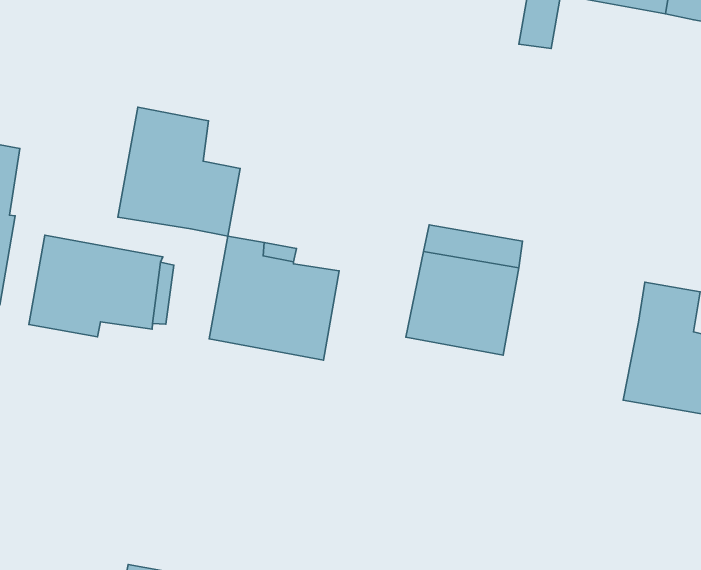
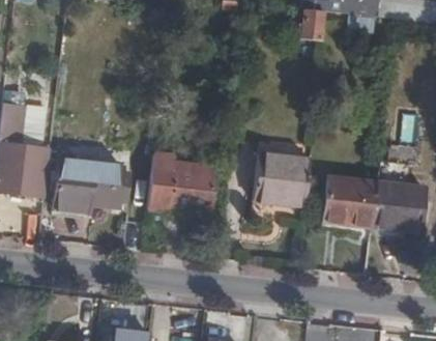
building: [118,107,240,236] -> none
building: none -> [325,178,378,228]

